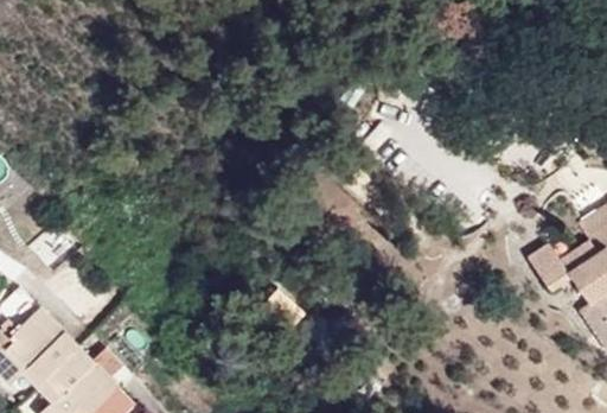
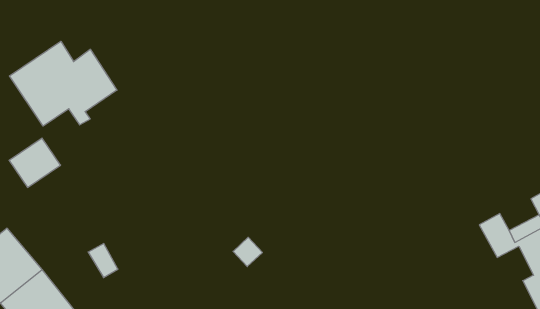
building: none -> [9,41,117,126]

